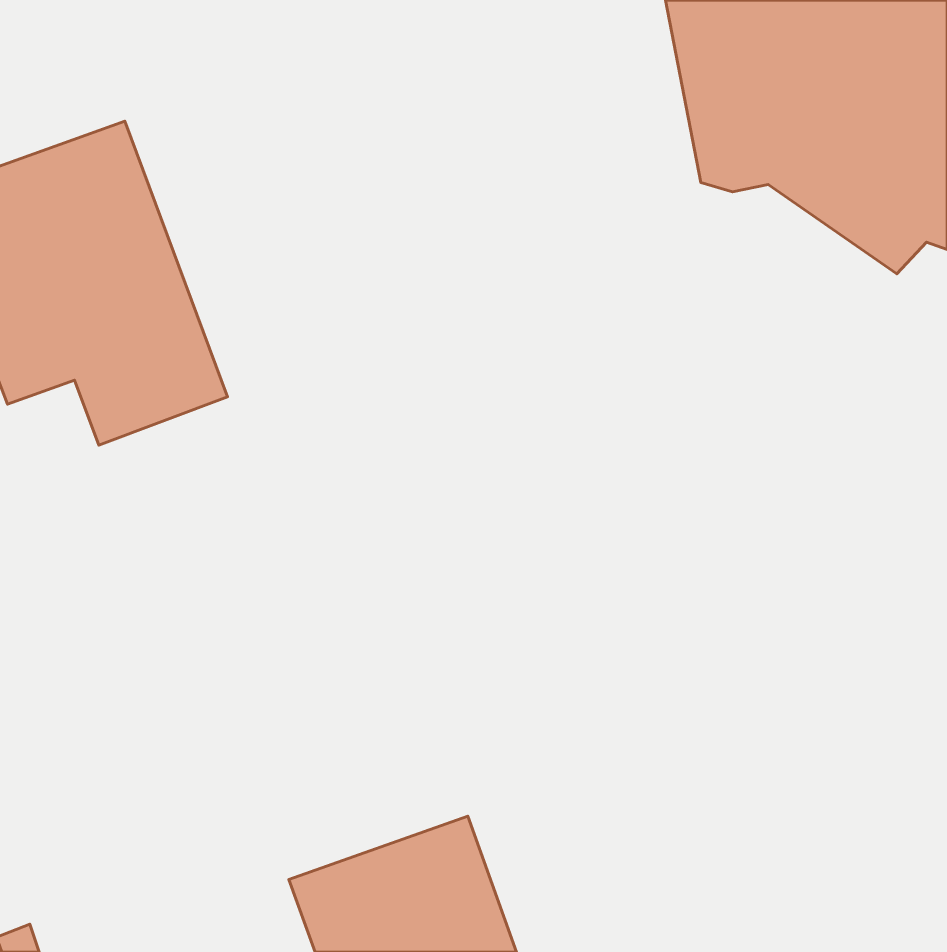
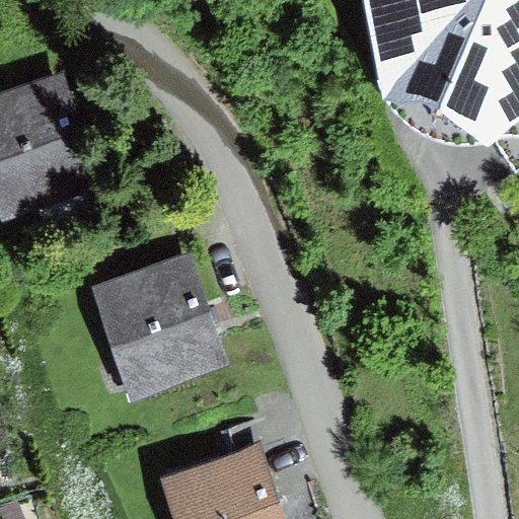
building: none -> [92,254,226,399]

